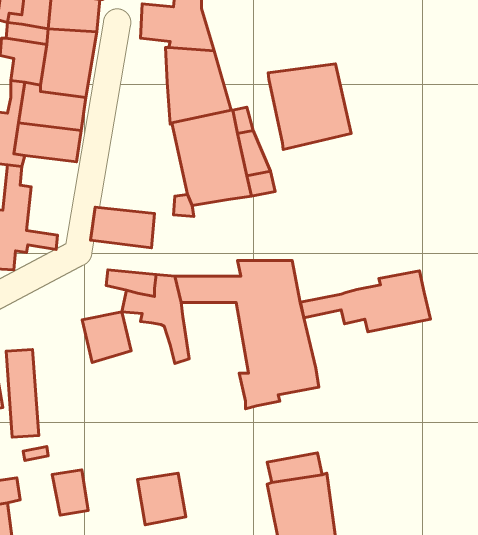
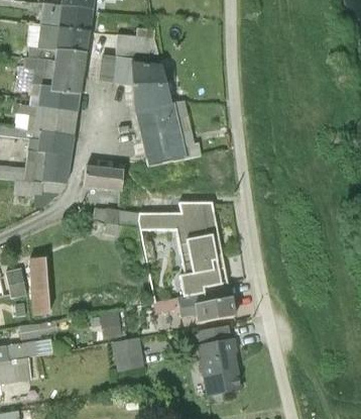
building: none -> [99,55,134,85]
building: [268,64,351,150] -> none
building: none -> [37,132,74,184]
building: [301,271,430,332] -> [153,282,237,321]
building: [82,312,131,363] -> none
building: [52,470,88,515] -> [99,309,122,338]

